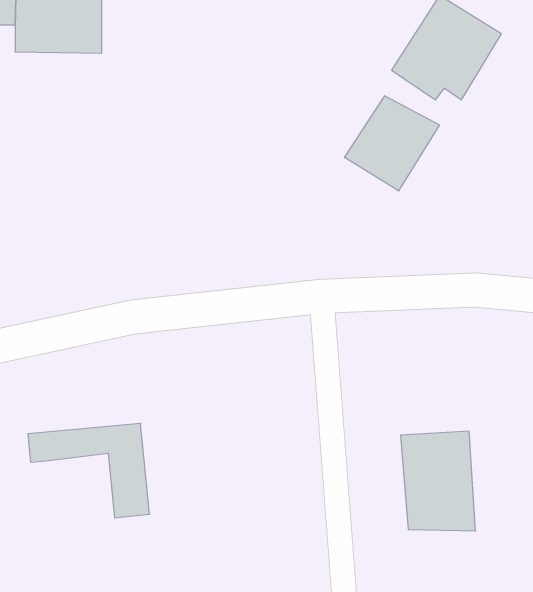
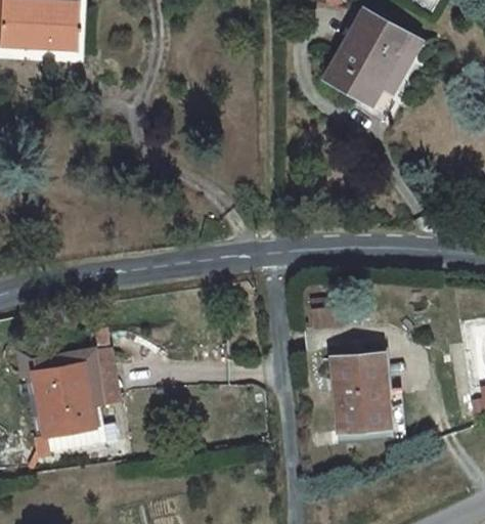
building: [344,96,440,191] -> none
building: none -> [49,369,116,464]

